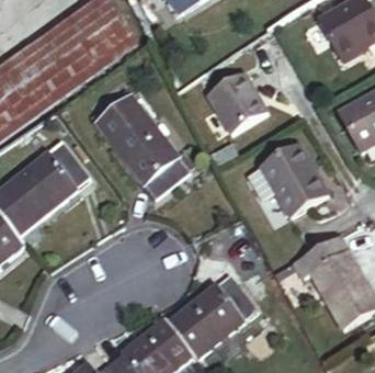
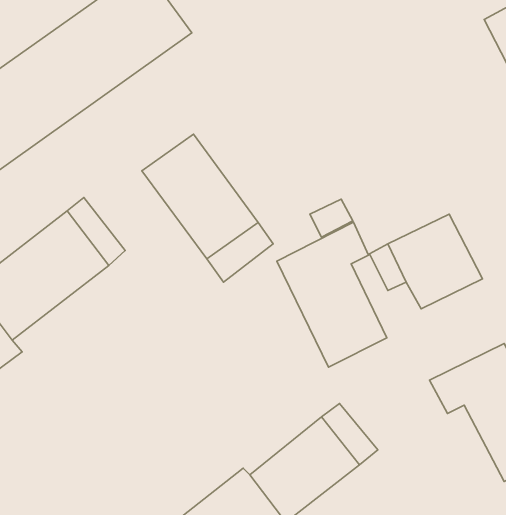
building: [213,80,269,136] -> none
building: none -> [277,222,387,367]

